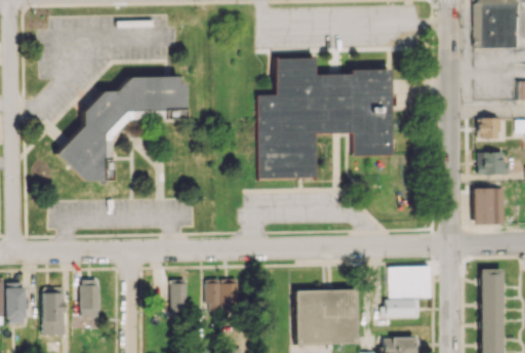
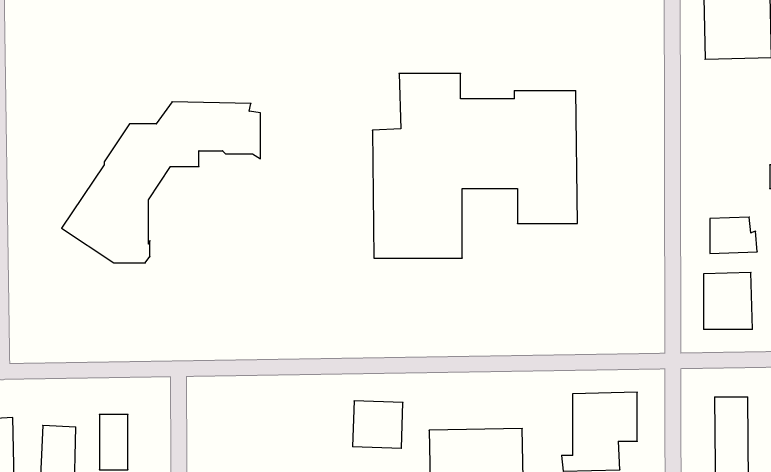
building: [478,118,500,139] -> none
building: [206,278,239,309] -> [353,401,403,448]
building: [170,283,188,311] -> none

